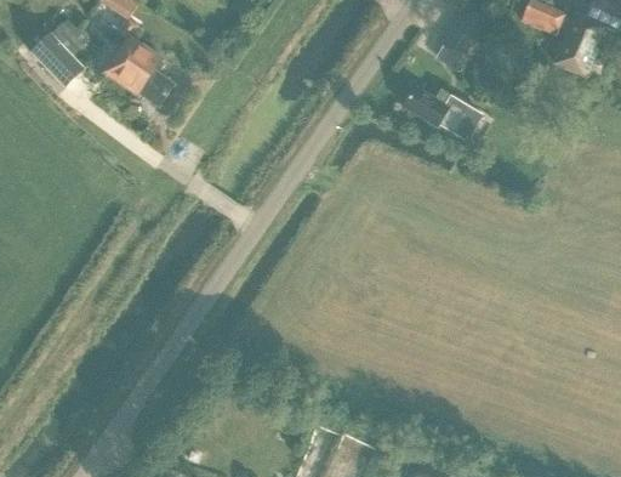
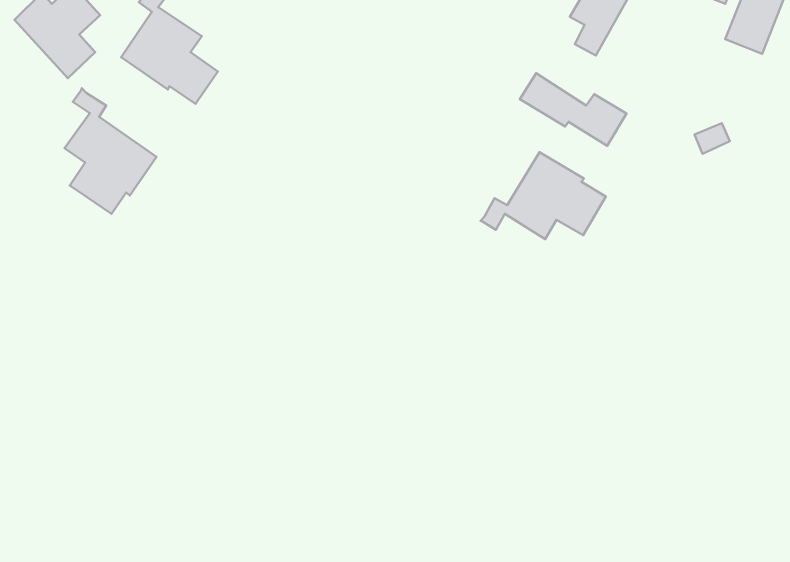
building: none -> [64,88,157,214]
building: none -> [480,152,606,239]

